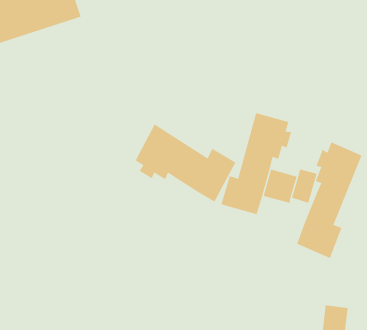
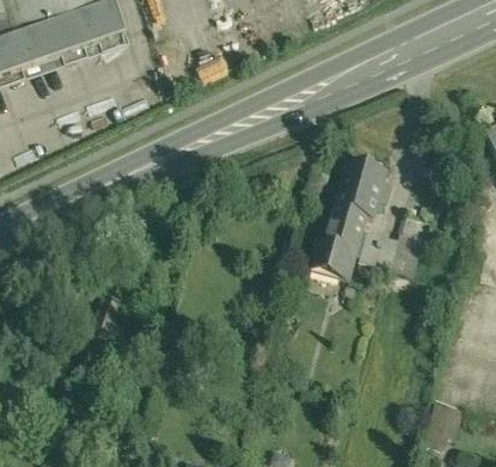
building: [135,124,236,203] -> none
building: [296,142,362,259] -> none

